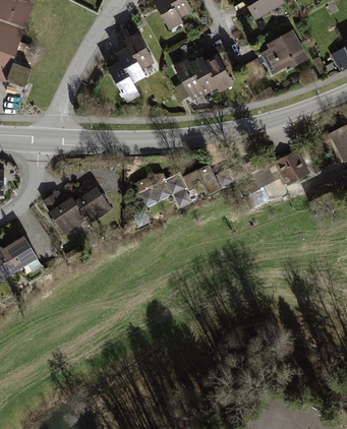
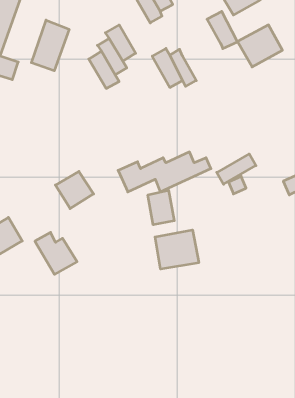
building: none -> [31,20,69,71]
building: [203,56,234,95] -> [207,11,237,49]
building: [274,151,309,187] -> none
building: [42,192,85,236] -> [35,232,77,274]
building: none -> [148,190,174,225]
building: none -> [155,230,199,269]

